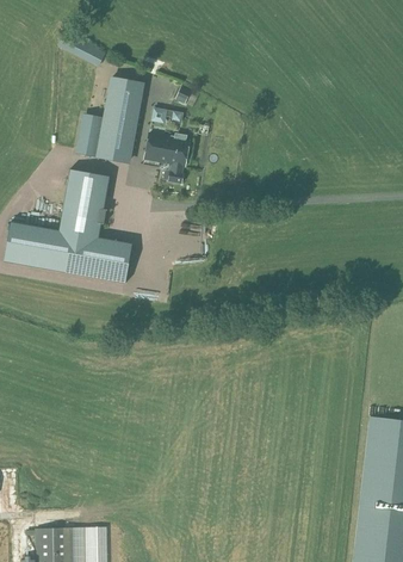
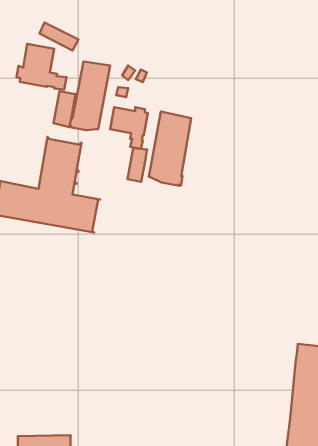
building: none -> [17,44,67,90]
building: none -> [149,112,191,186]
building: none -> [128,148,147,182]

